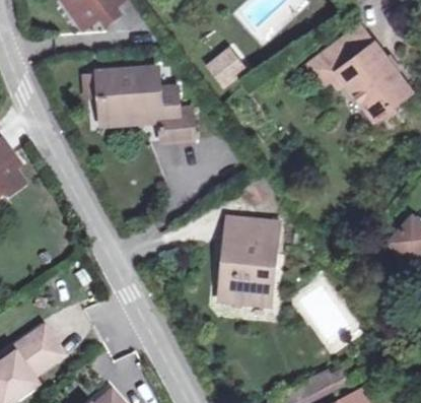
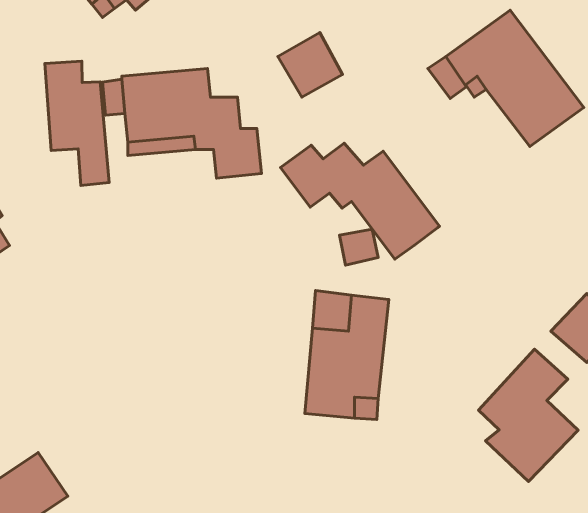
building: none -> [45,61,109,185]
building: none -> [281,143,439,259]
building: none -> [479,349,578,481]

